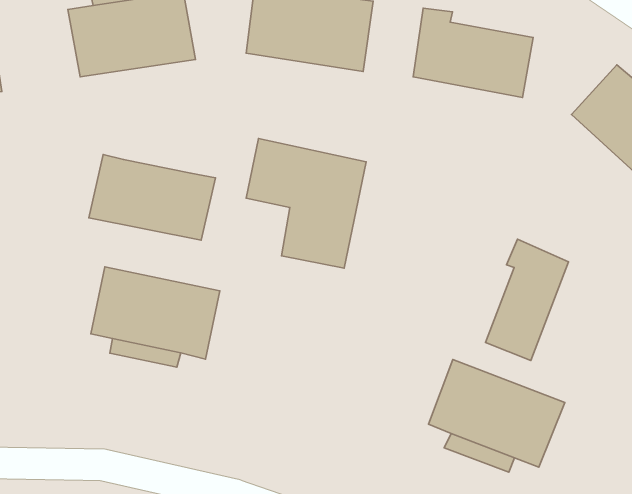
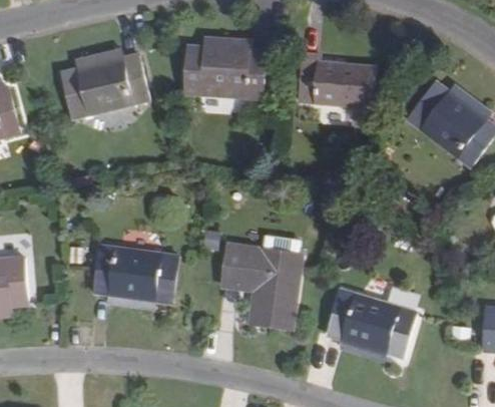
building: [246,138,366,268] -> [222,246,302,329]
building: [89,154,216,240] -> none
building: [485,239,569,361] -> none

